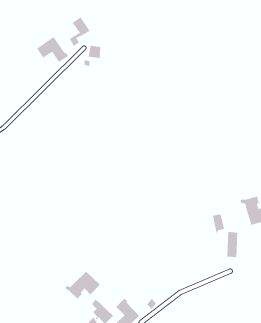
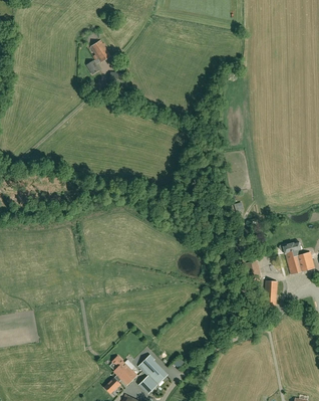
building: [36,36,69,63] -> none
building: [65,271,101,300] -> none

